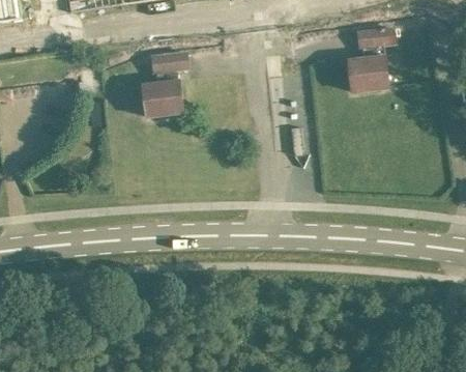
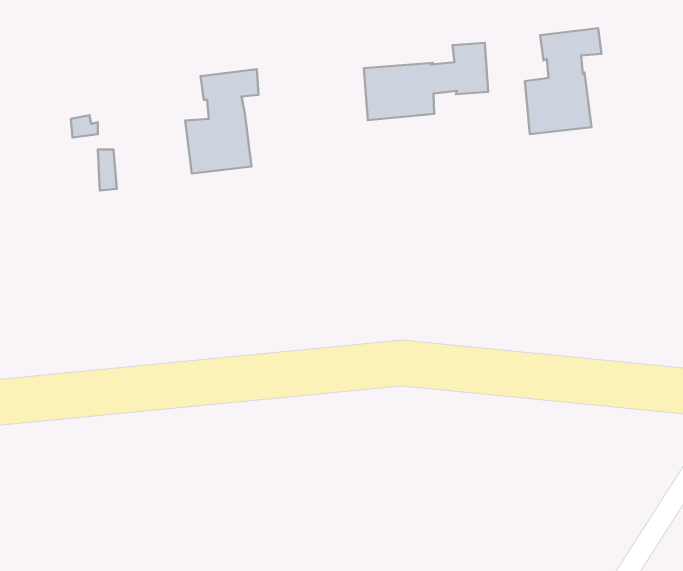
building: none -> [364,43,488,120]

